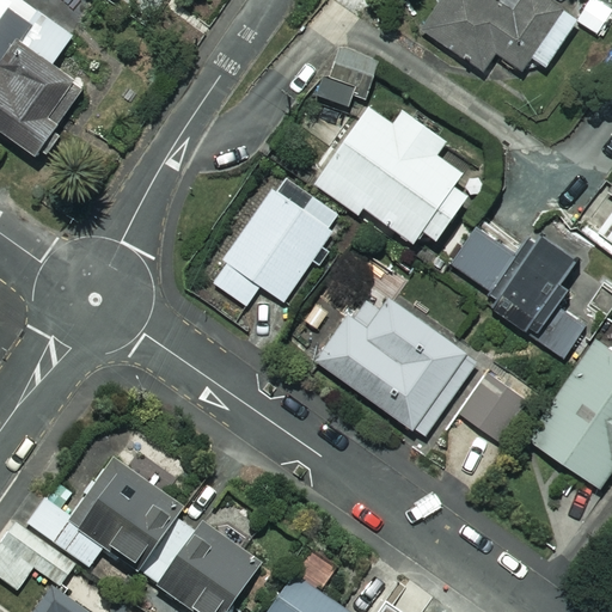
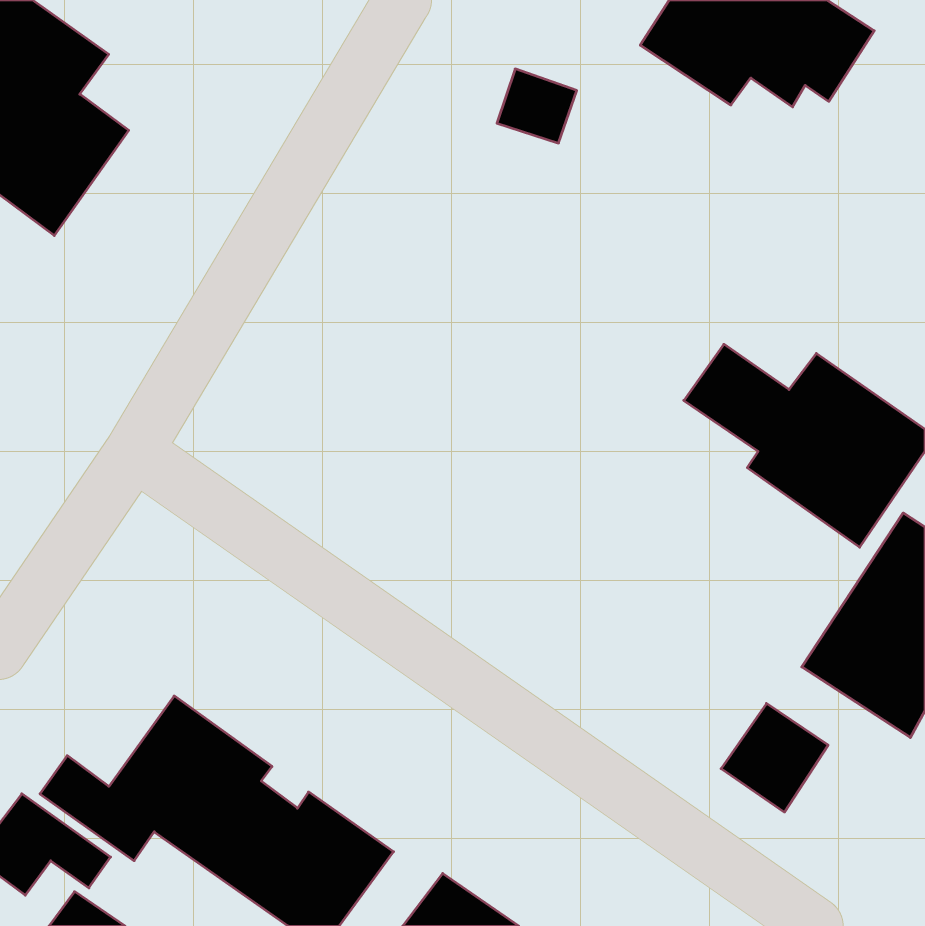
building: [317,100,473,243] -> none
building: [210,189,341,305] -> none
building: [314,283,476,435] -> none
building: [458,369,528,441] -> [721,703,828,812]

